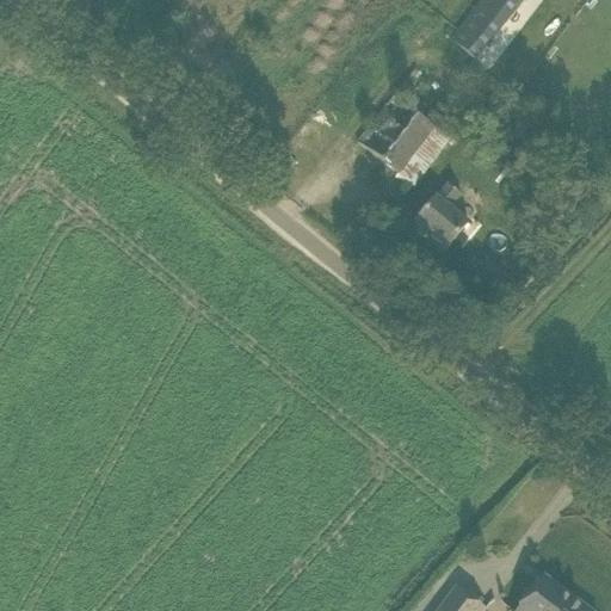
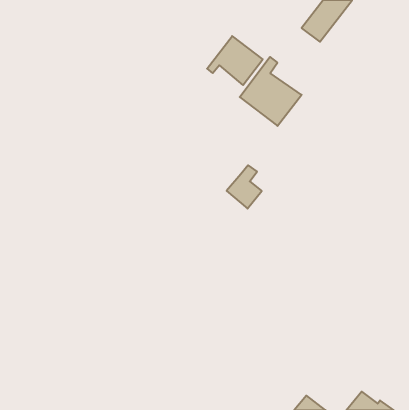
building: none -> [207,36,263,85]
building: [414,186,467,251] -> [227,165,262,209]

